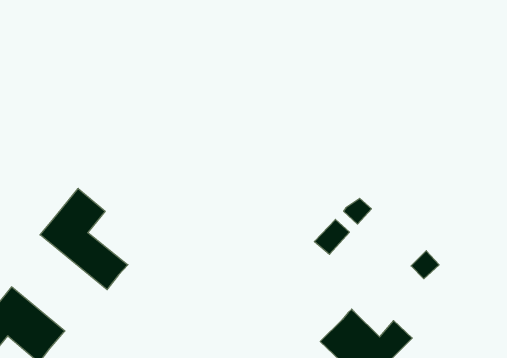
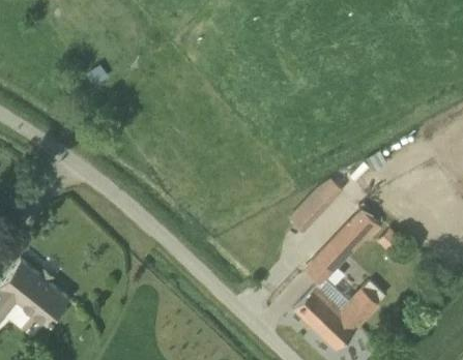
building: [40,188,128,290] -> none
building: none -> [306,212,379,283]

